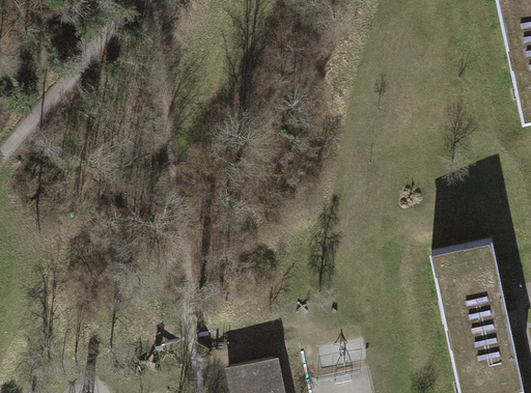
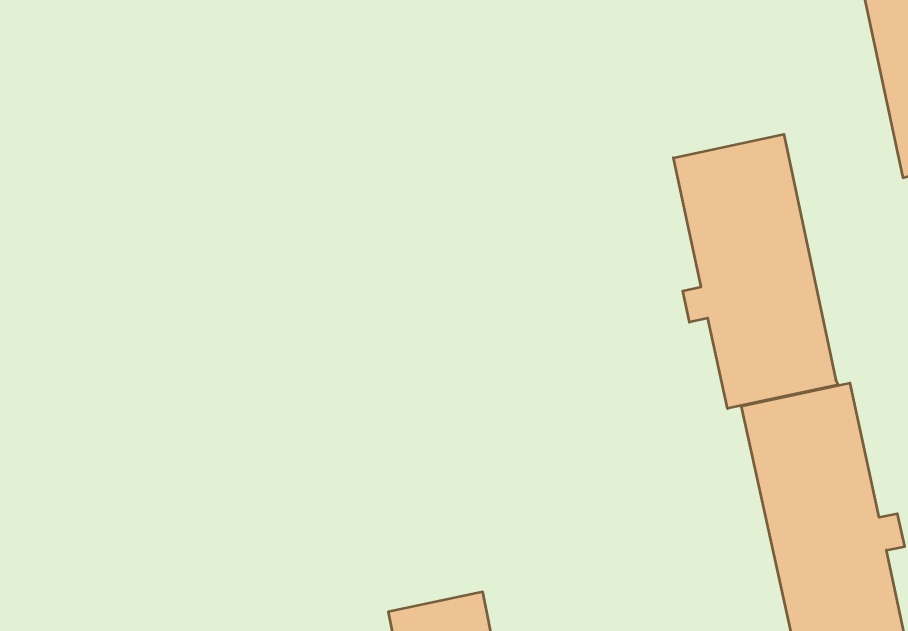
building: none -> [673,134,838,409]

